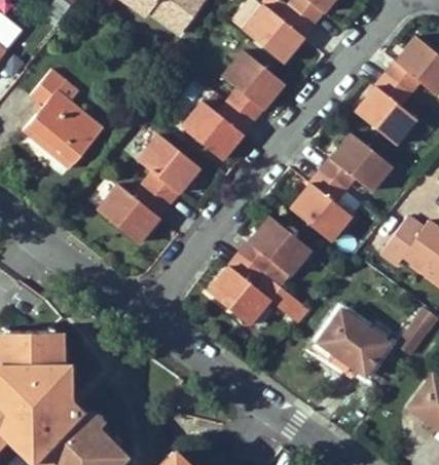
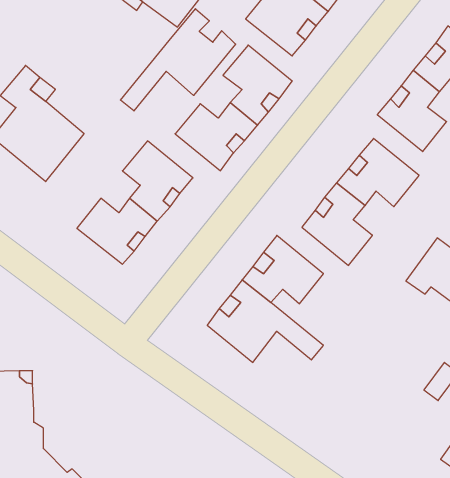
building: none -> [120,9,236,111]
building: [320,310,388,374] -> none

